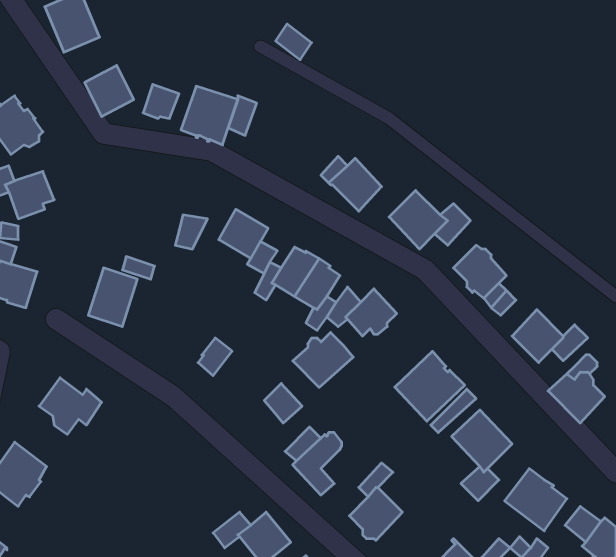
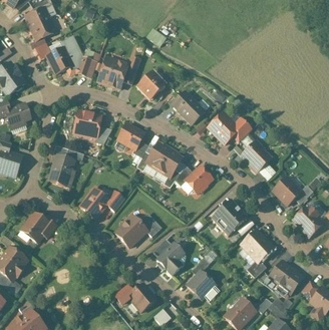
building: none -> [137,71,164,98]
building: none -> [73,111,100,134]
building: [293,332,353,387] -> [114,218,146,247]
building: none -> [80,191,109,219]

